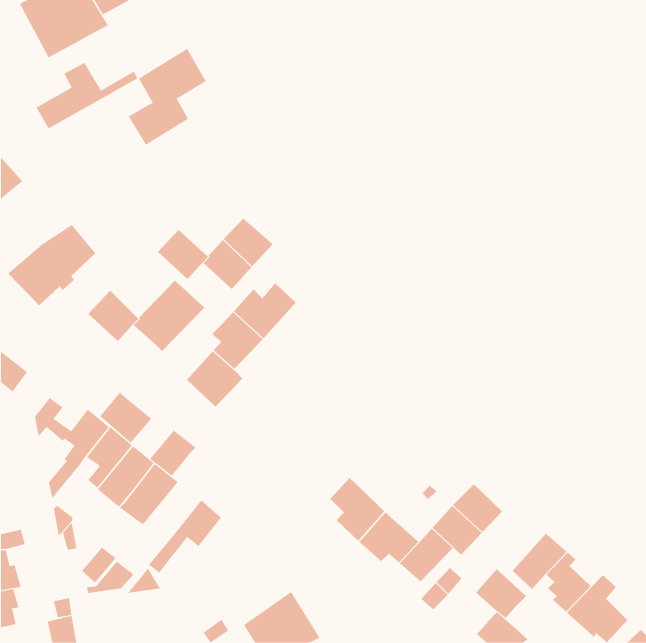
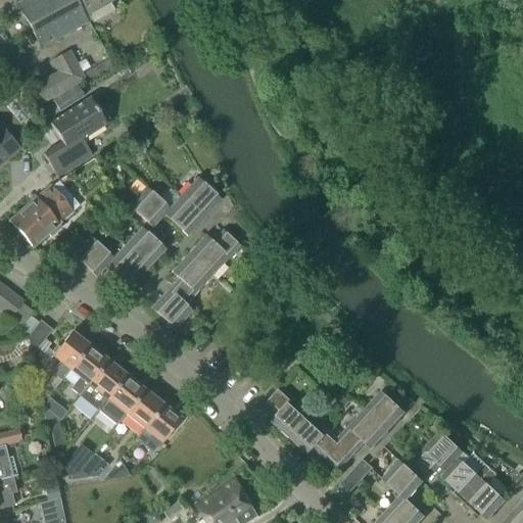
building: [128,48,206,146] -> [43,96,106,175]
building: [100,392,152,444] -> none
building: [149,430,196,477] -> [126,389,163,427]

